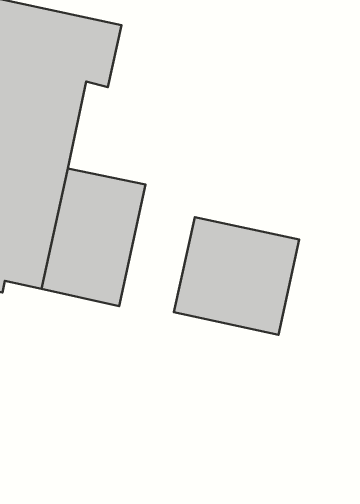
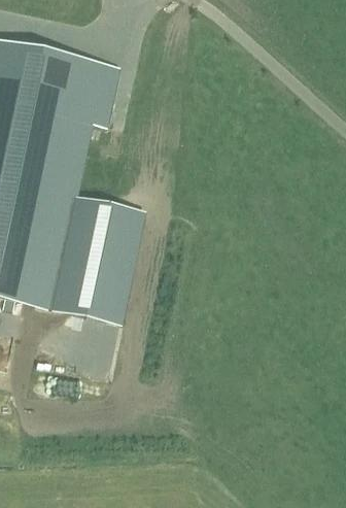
building: [174,217,299,335] -> none

